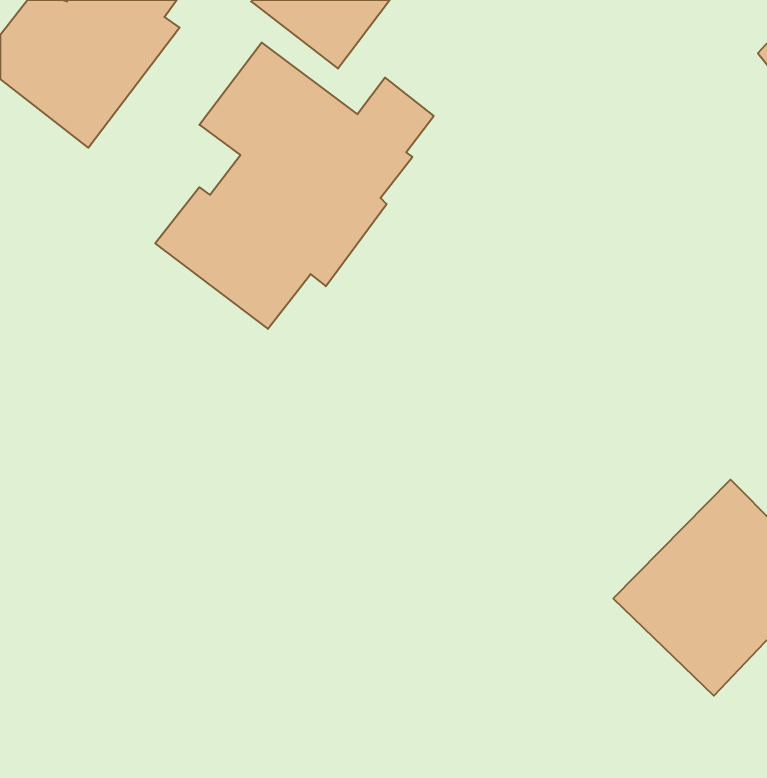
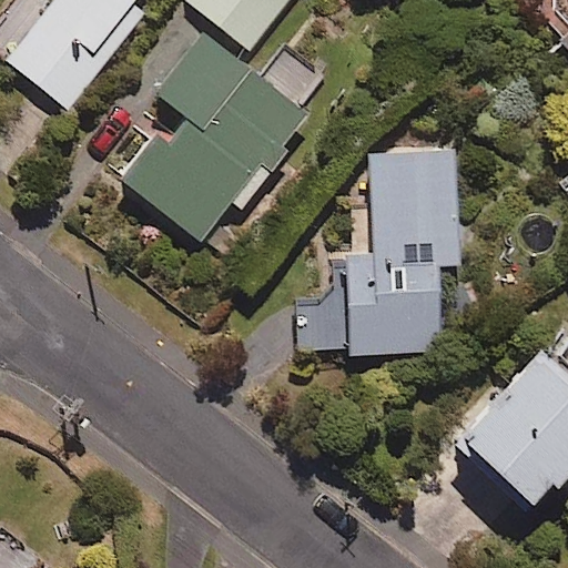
building: none -> [300,150,459,355]

